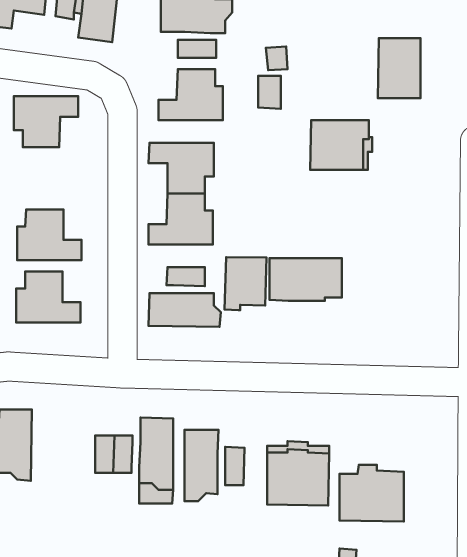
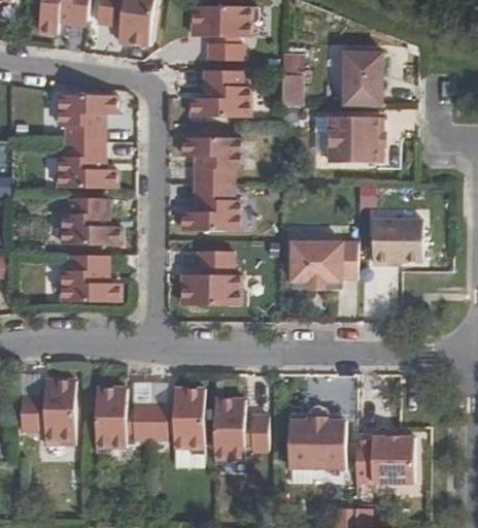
building: [378,38,421,98] -> [342,52,381,106]
building: none -> [58,141,116,188]
building: none -> [372,219,421,263]
building: [225,257,266,310] -> none
building: none -> [95,388,126,453]

